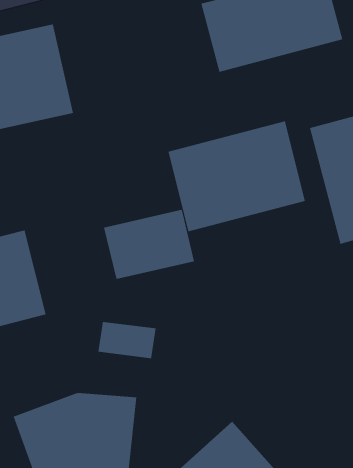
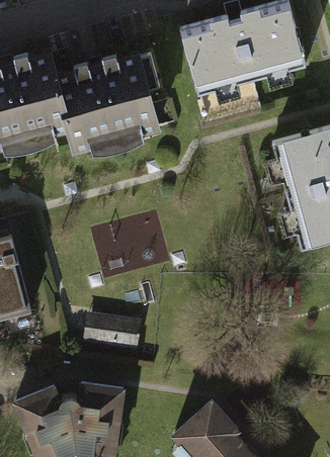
building: none -> [55,50,159,147]
building: [168,121,306,232] -> none

